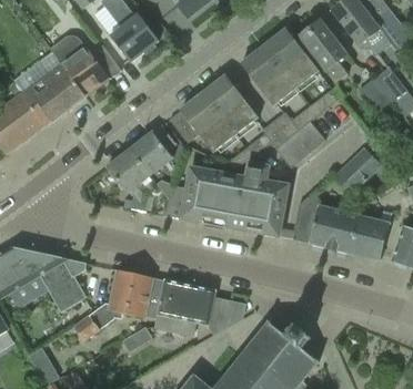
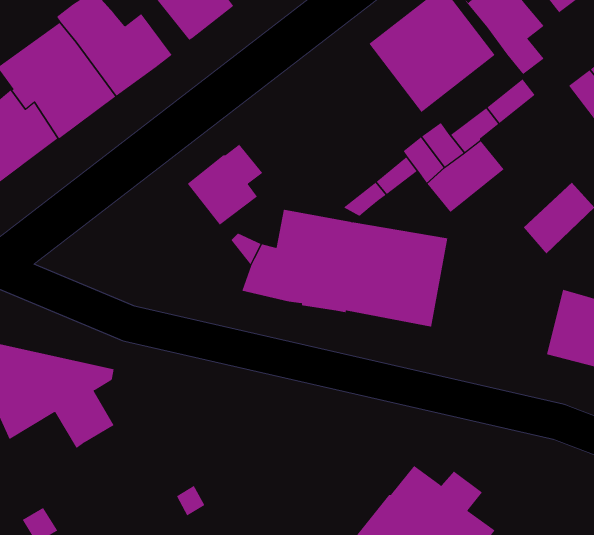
building: [169,75,259,153] -> none
building: [107,150,150,201] -> none
building: [292,193,360,254] -> none
building: [74,269,153,340] -> none
building: [154,280,232,335] -> none

